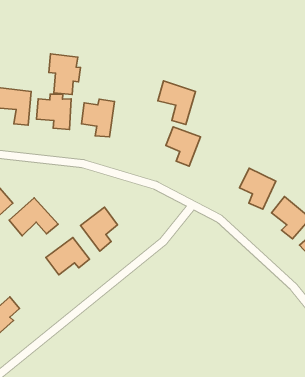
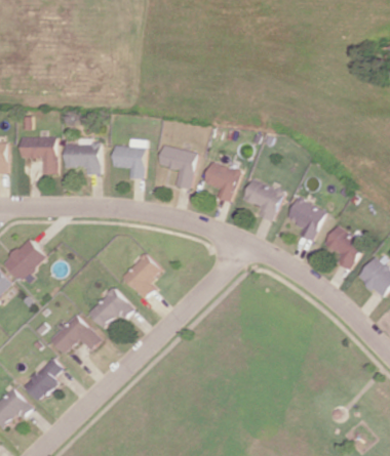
building: [49,54,80,94] -> none
building: [158,81,196,124] -> [158,144,197,189]
building: none -> [242,178,284,221]
building: [9,198,58,236] -> [50,314,103,355]

